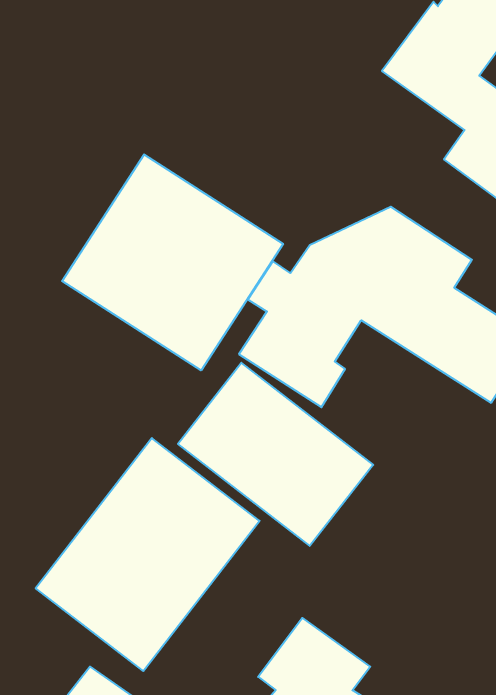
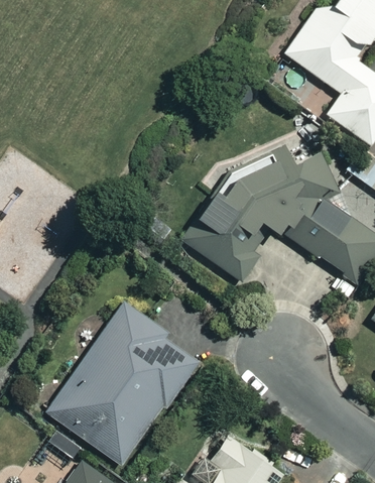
building: [62,154,283,370] -> none
building: [178,363,373,546] -> none

